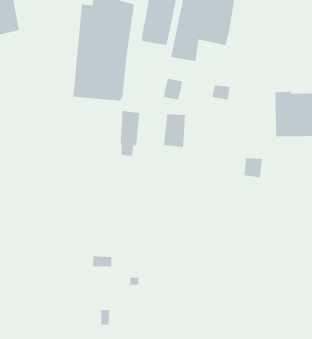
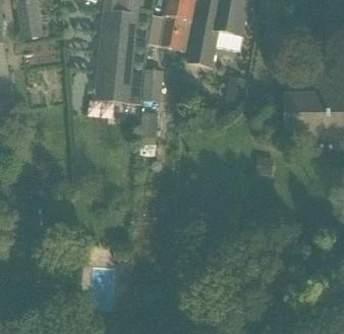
building: [163,113,186,148] -> [142,67,164,100]

